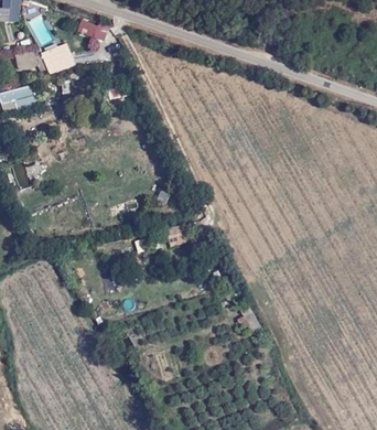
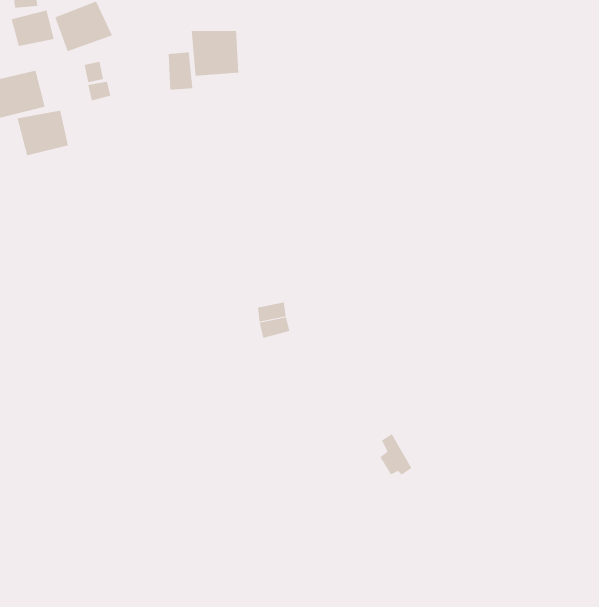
building: none -> [191,30,239,77]
building: none -> [17,110,68,156]

